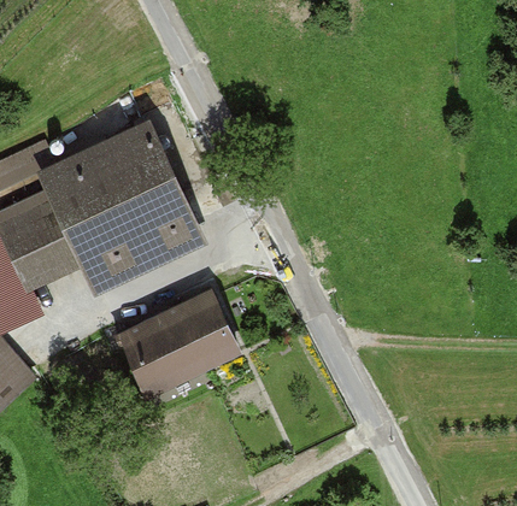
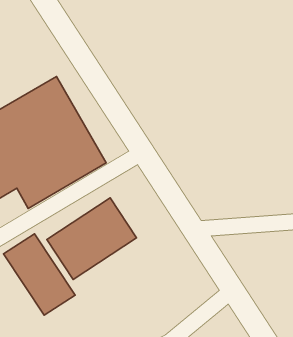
building: none -> [4,234,75,315]

